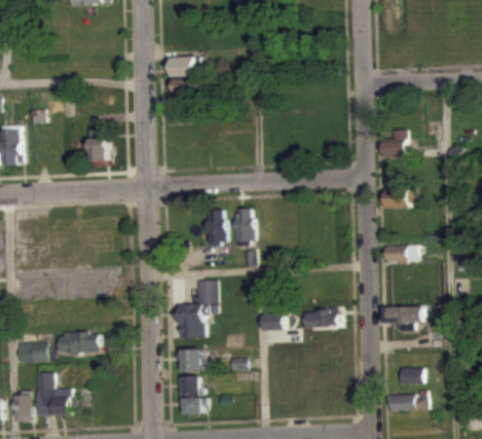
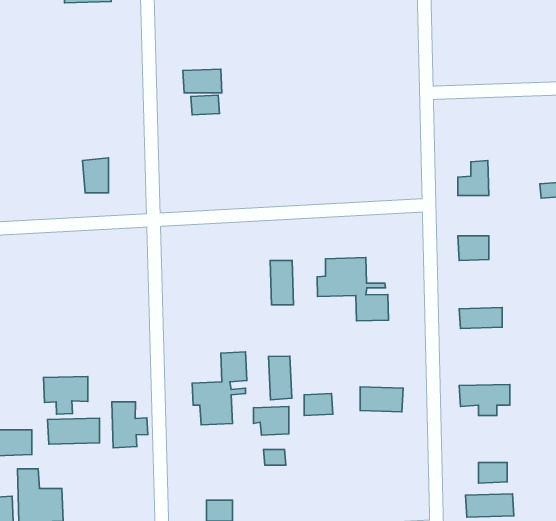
building: none -> [317,258,388,321]
building: [205,210,223,245] -> none
building: none -> [268,356,292,400]
building: none -> [44,376,88,414]
building: none -> [112,402,148,448]
building: [175,350,202,372] -> [254,407,289,435]
building: [177,376,200,396] -> none

